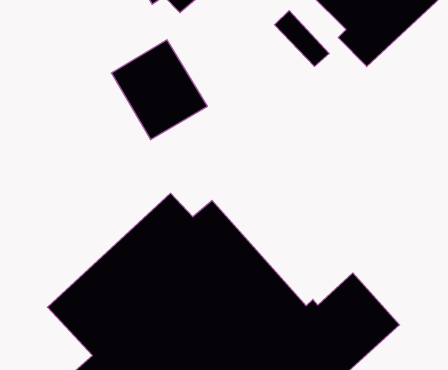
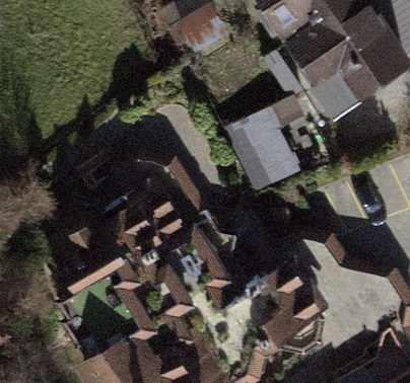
building: [111,40,207,140] -> [232,112,302,187]

